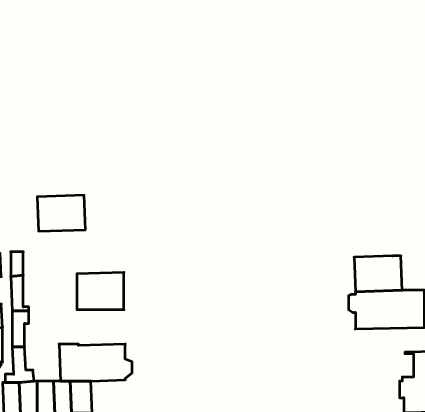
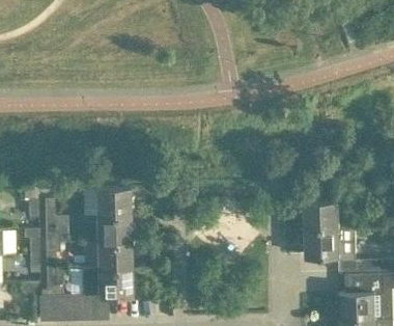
building: [37,195,85,231] -> [94,188,131,215]
building: none -> [95,242,132,269]

